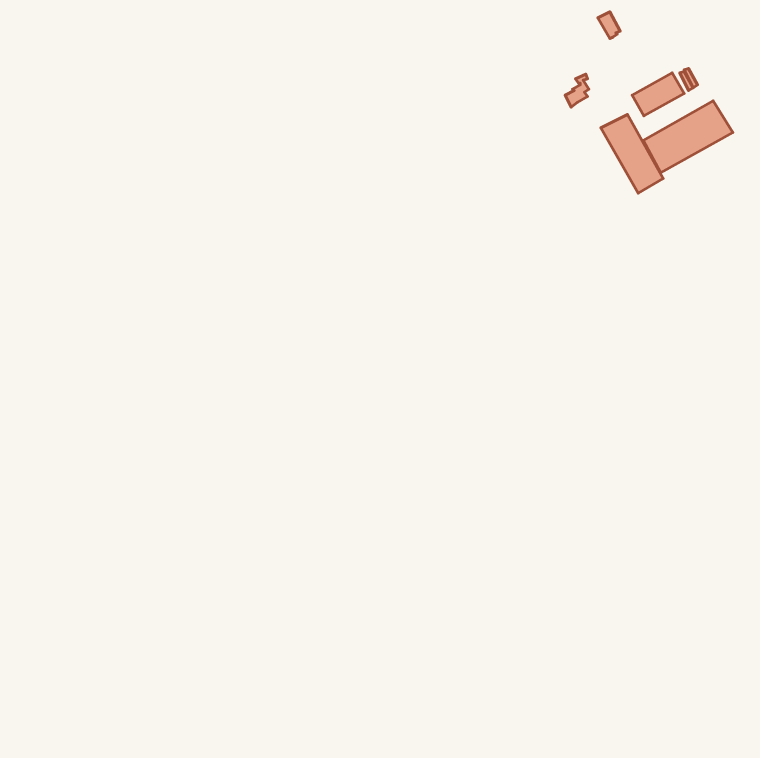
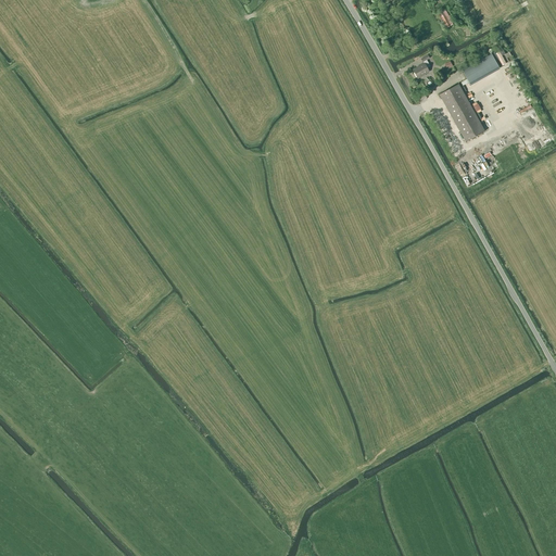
building: [643,101,733,173] -> none

